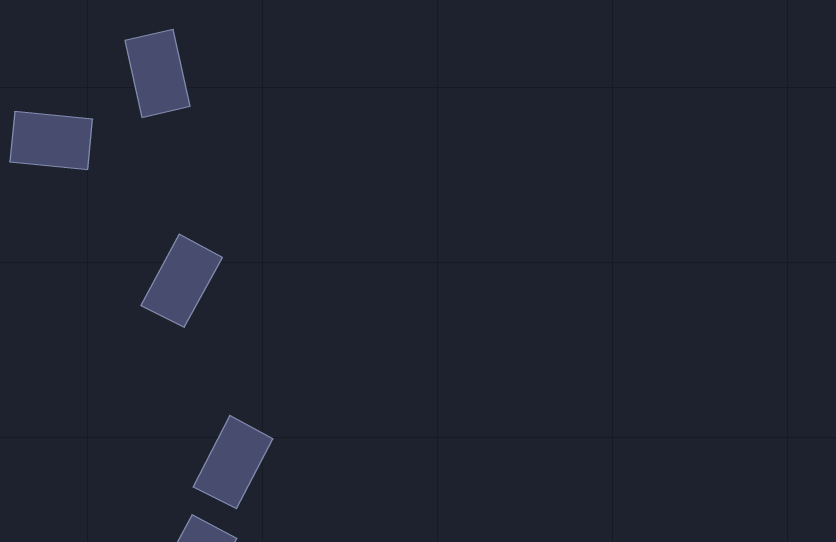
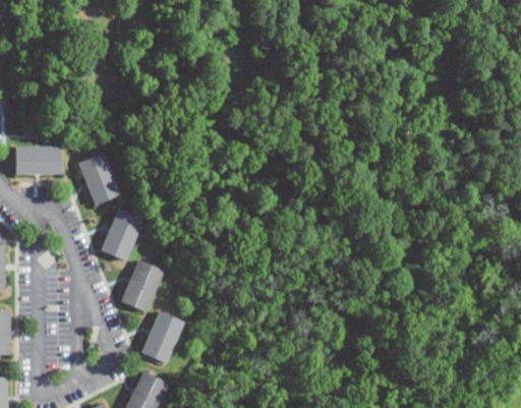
building: [125,30,190,117] -> [78,153,120,206]
building: none -> [121,259,164,313]

